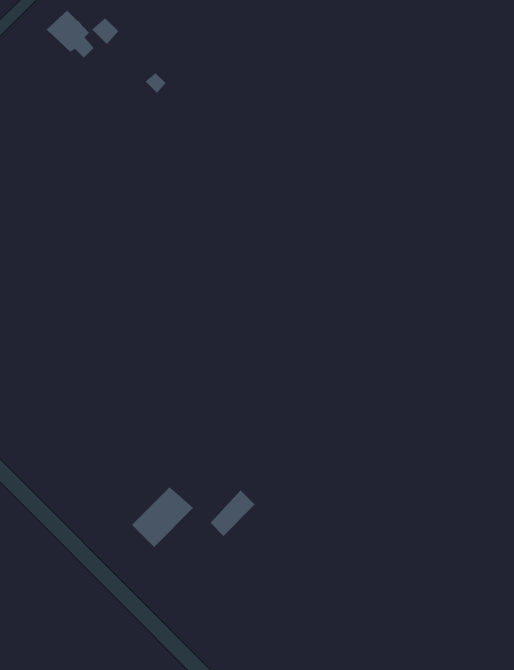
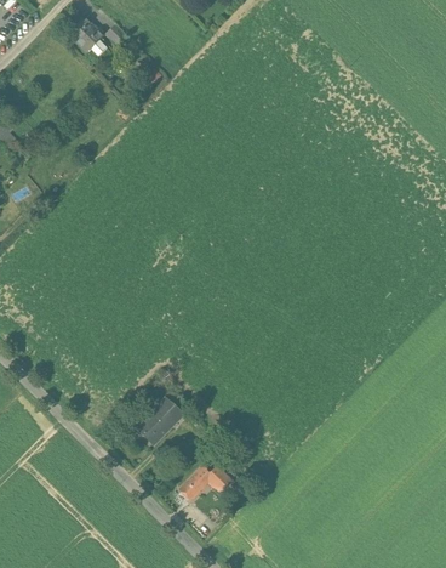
building: [210,489,256,537] -> [179,462,216,500]

